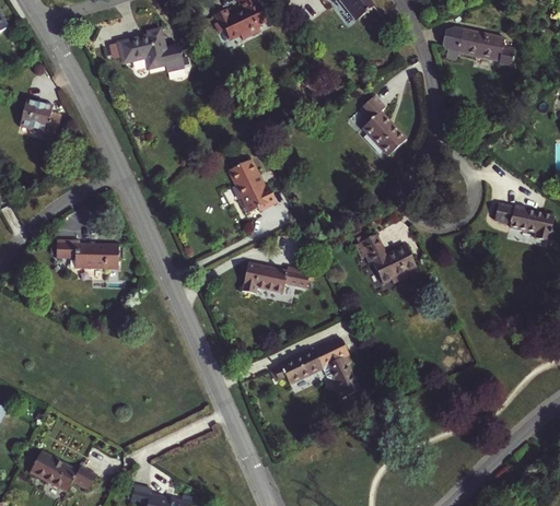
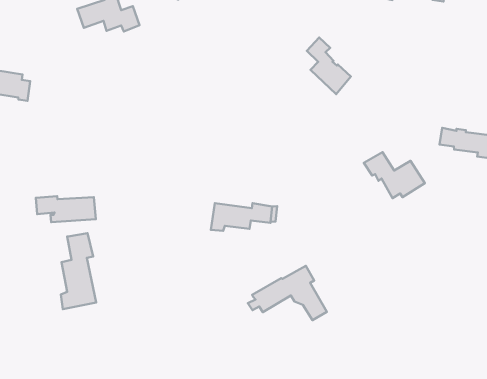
building: [226,158,276,213] -> none
building: [354,233,418,283] -> [364,152,425,198]
building: none -> [61,233,96,309]

